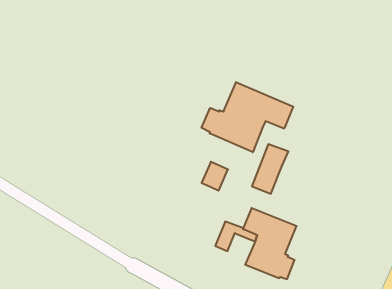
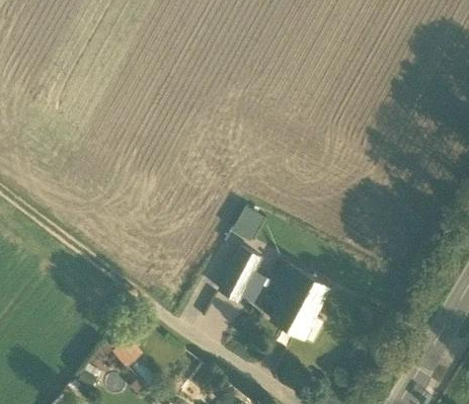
building: [202,82,293,152] -> none
building: [252,144,288,194] -> [220,249,262,302]

